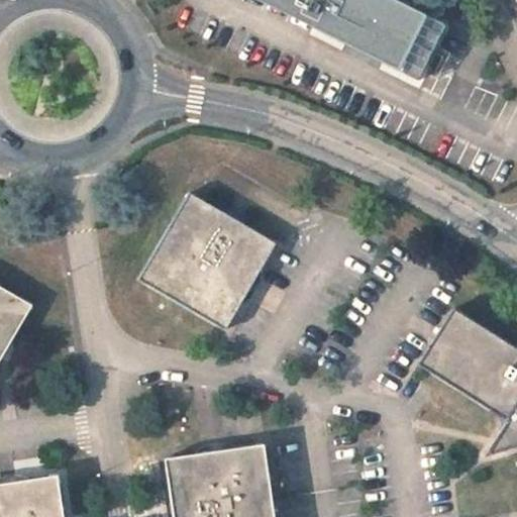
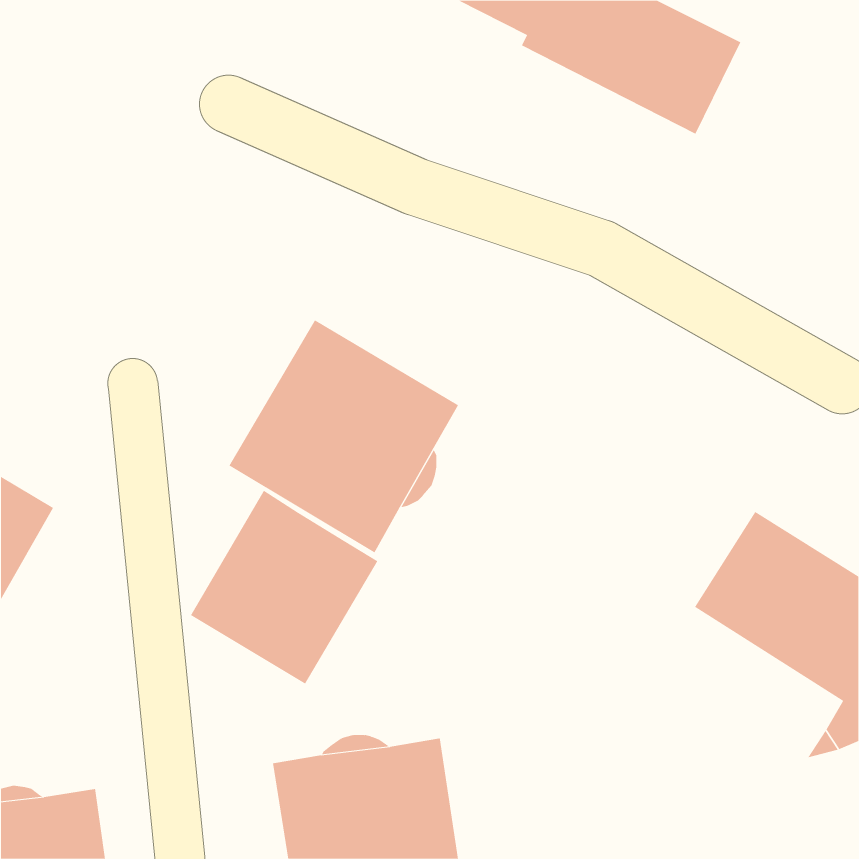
building: none -> [190,490,378,684]

